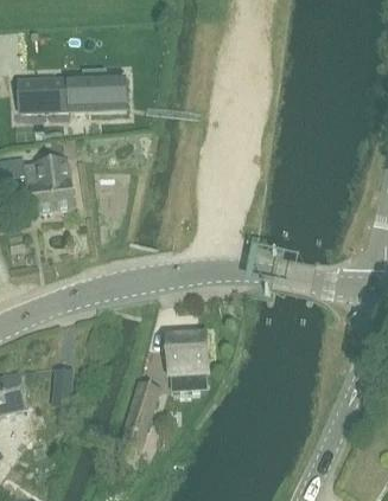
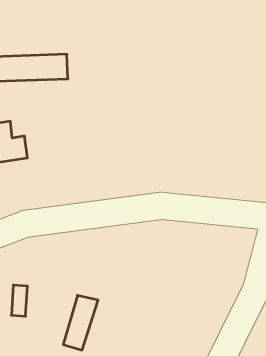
building: [166,330,208,374] -> none

